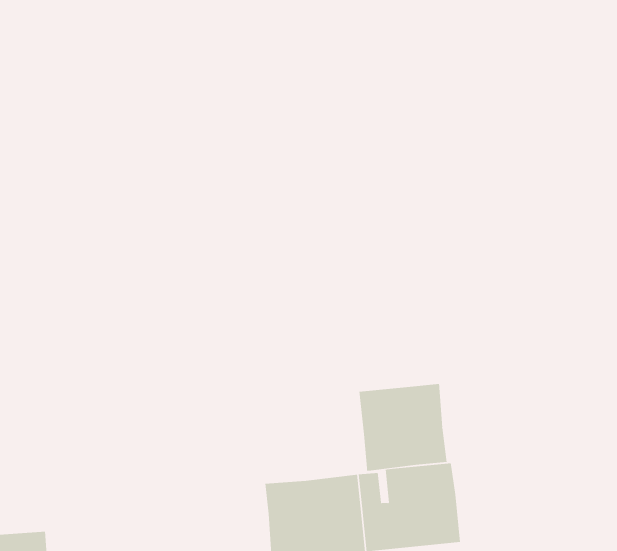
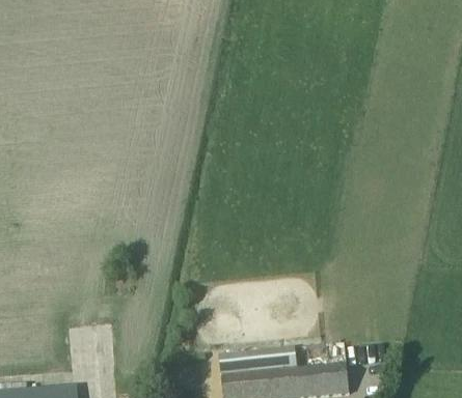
building: [359,383,447,472] -> none

